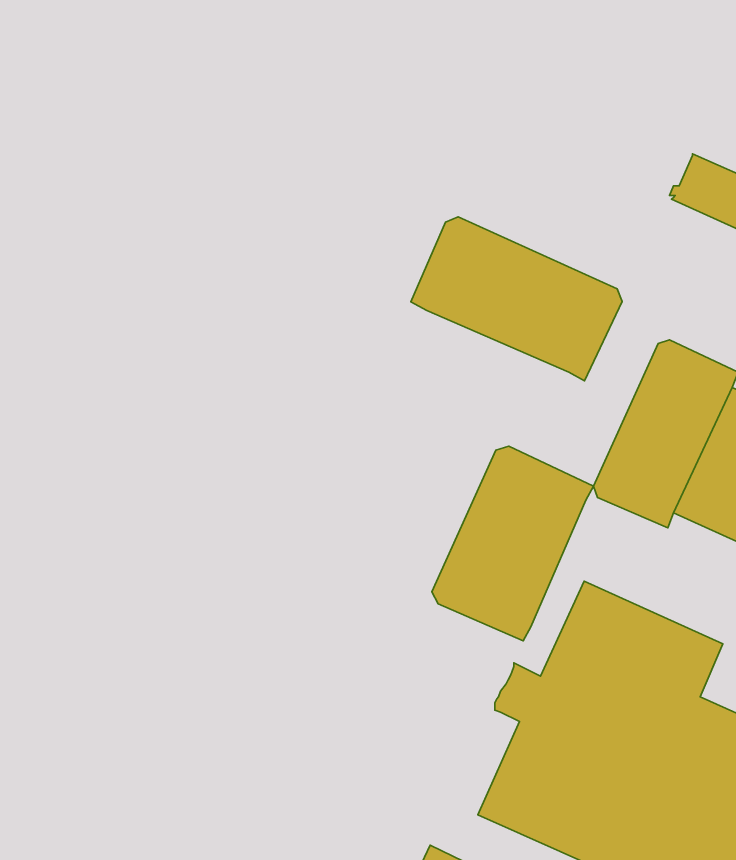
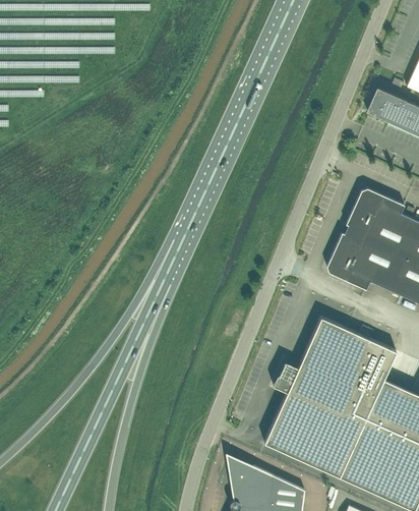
building: [411,217,622,381] -> none
building: [432,446,594,641] -> none

